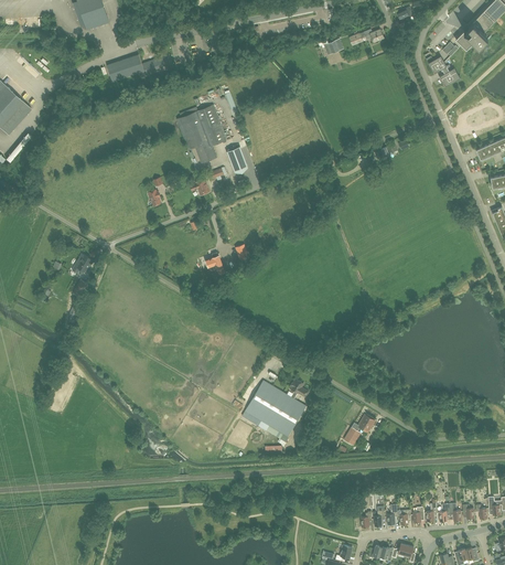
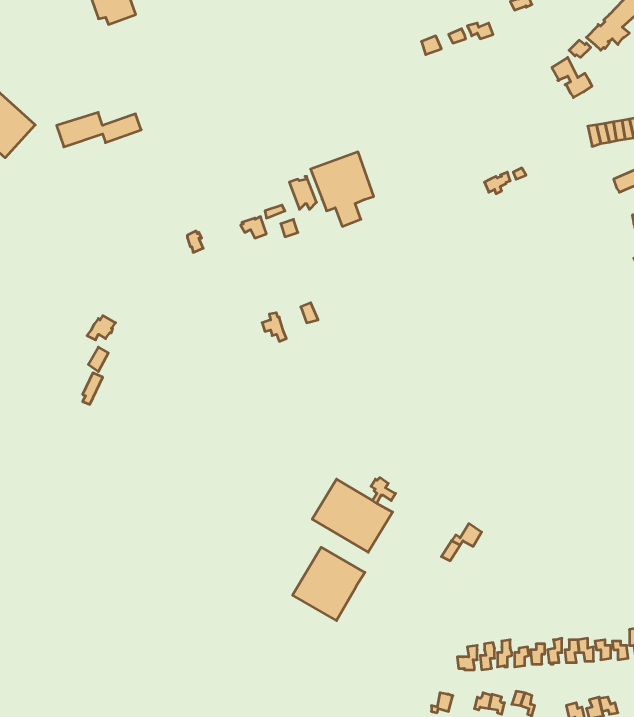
building: [107,54,172,81] -> [57,112,141,147]
building: [178,105,226,162] -> [311,152,374,226]
building: none -> [293,547,365,621]

